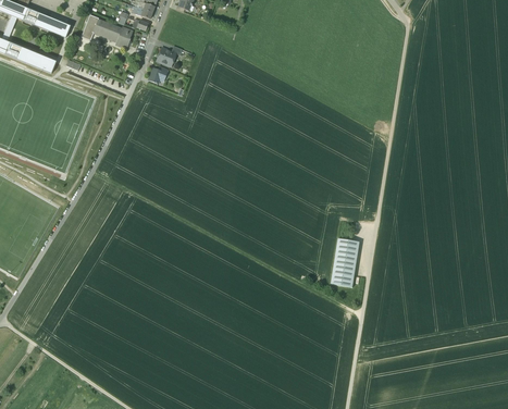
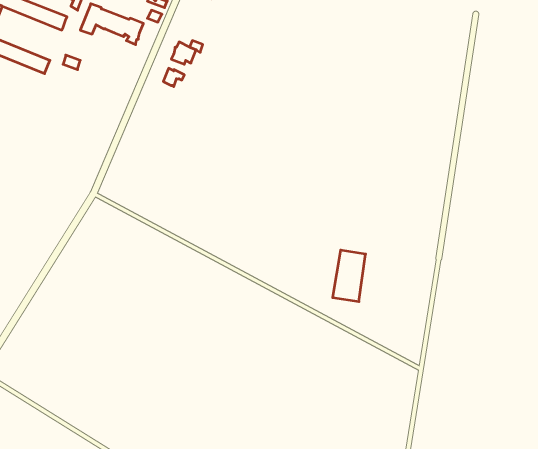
building: [331,239,358,282] -> [333,250,366,302]

